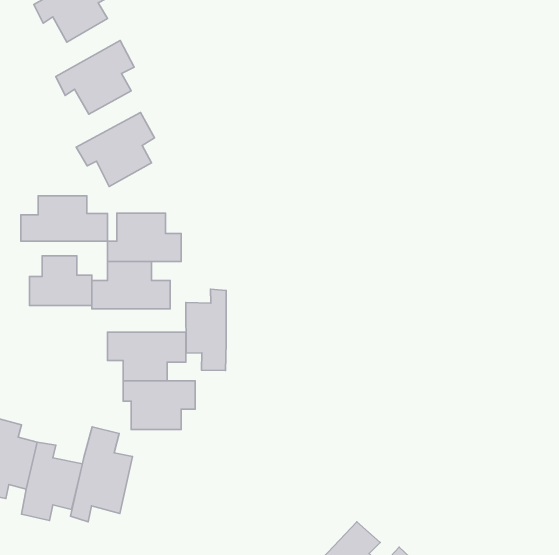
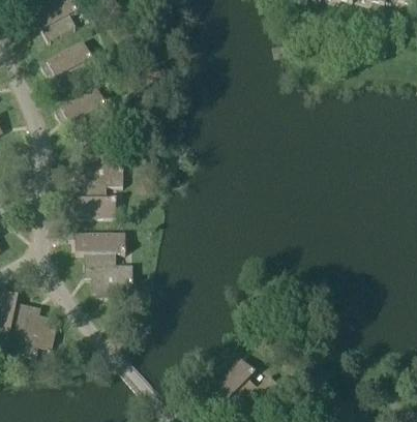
building: [21,196,108,241] -> none
building: [30,256,92,305] -> none
building: [186,289,226,370] -> none
building: [71,427,133,522] -> none

